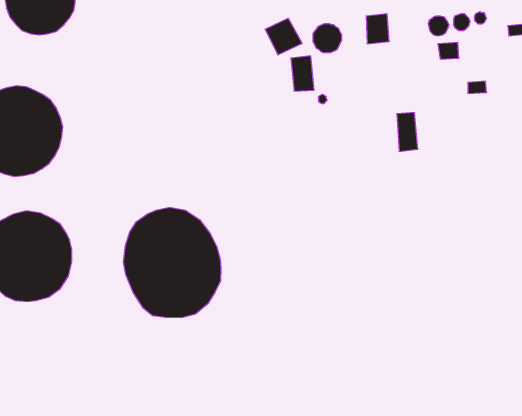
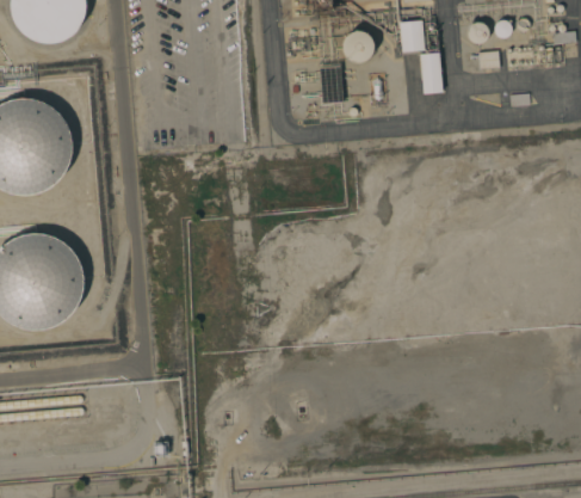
building: [265,18,302,55] -> none
building: [397,113,418,151] -> [420,53,443,94]
building: [123,207,221,318] -> none

